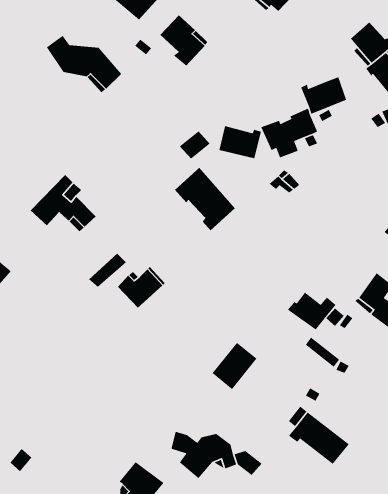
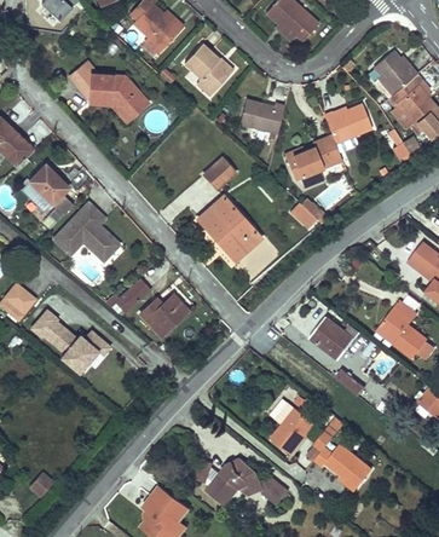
building: [218,125,262,159] -> [239,98,283,132]
building: none -> [30,166,69,203]
building: none -> [29,308,111,380]
building: [211,342,257,390] -> [267,410,313,458]

